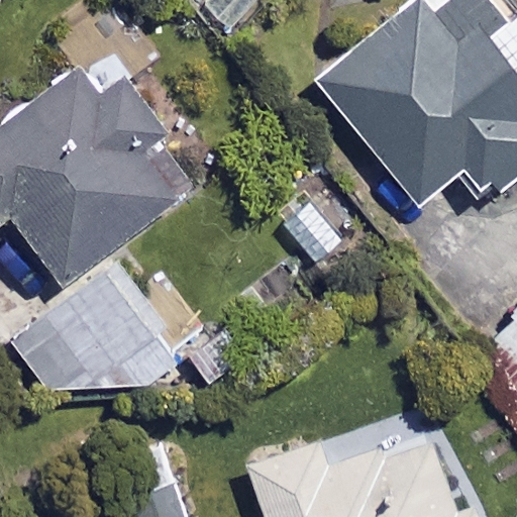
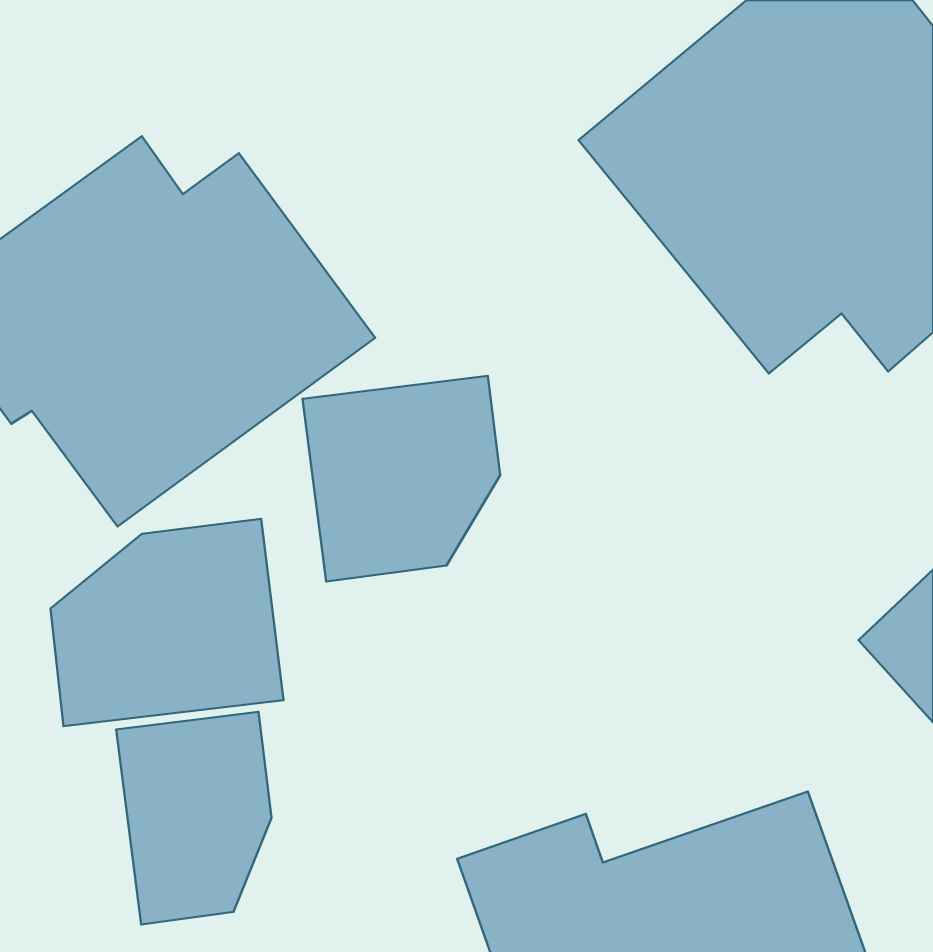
building: none -> [303,376,500,581]
building: none -> [116,712,272,924]

